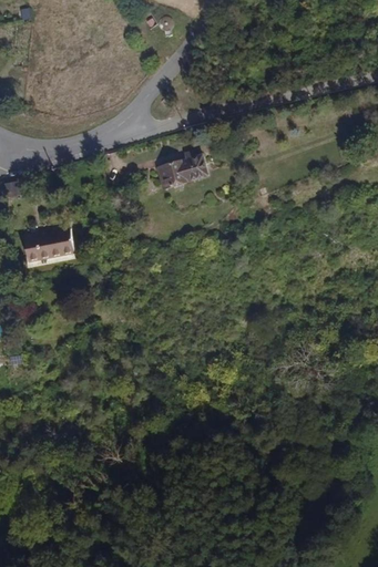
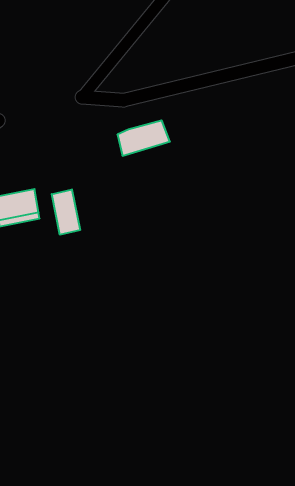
building: none -> [52,189,80,235]

